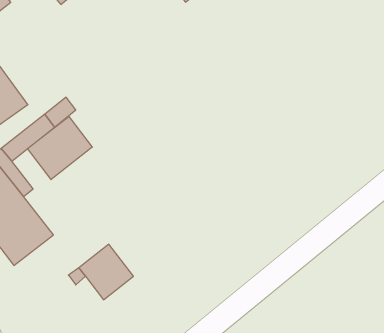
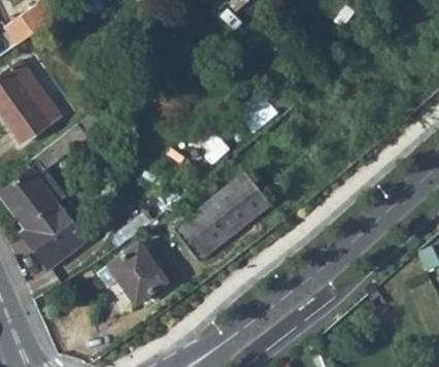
building: [27,116,92,180] -> none
building: none -> [173,176,269,262]

